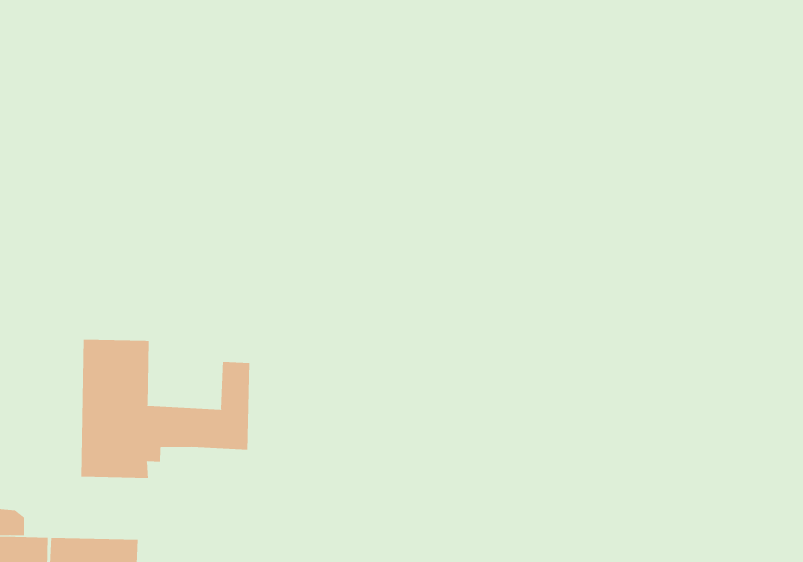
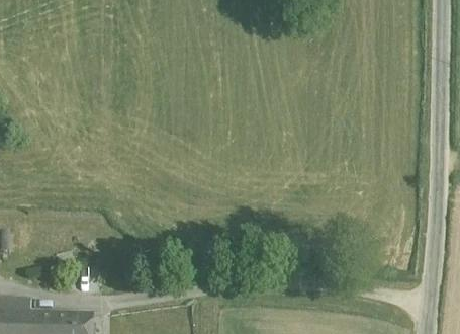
building: [81,339,250,479] -> none

